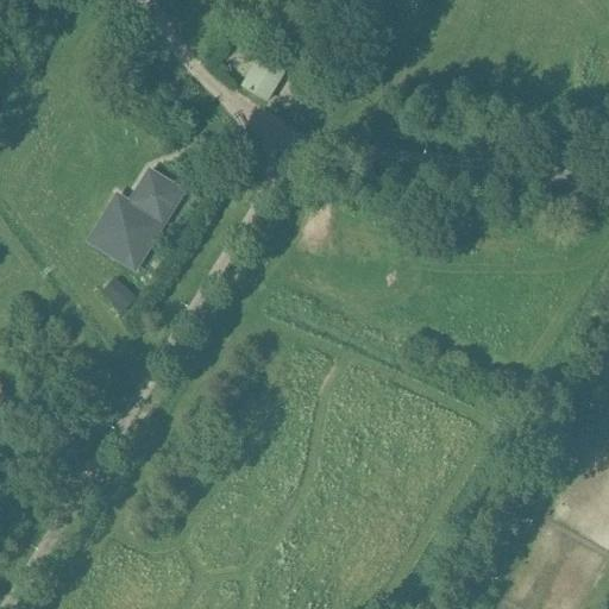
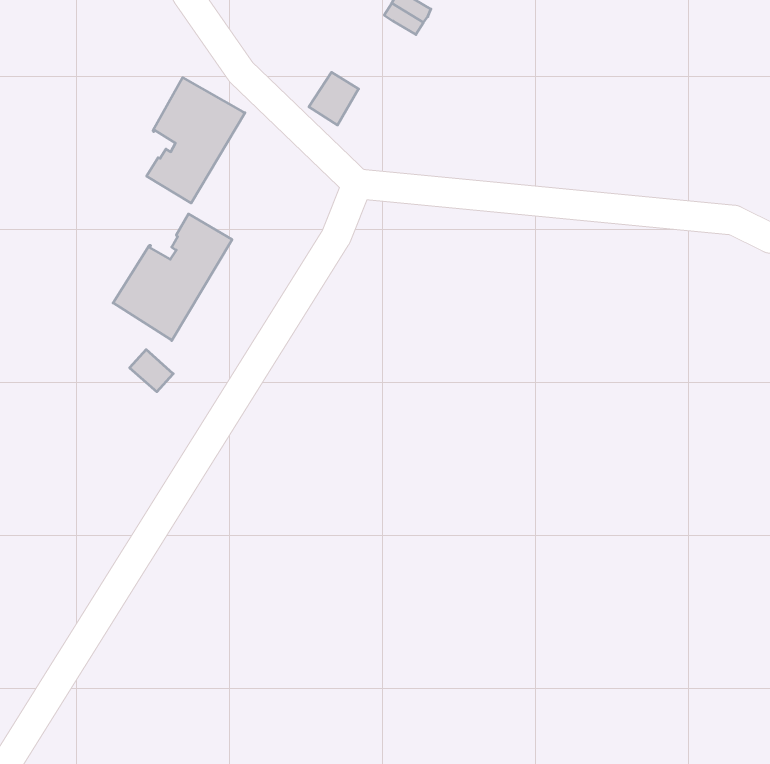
building: none -> [147,78,245,203]

